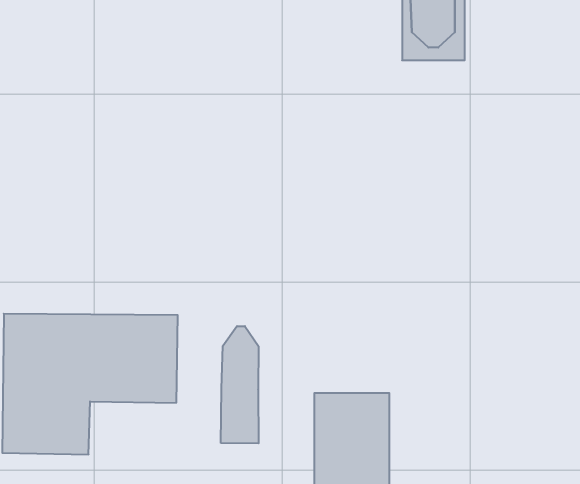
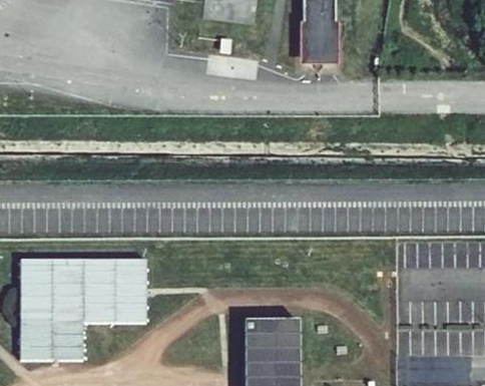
building: [221,326,259,443] -> none

